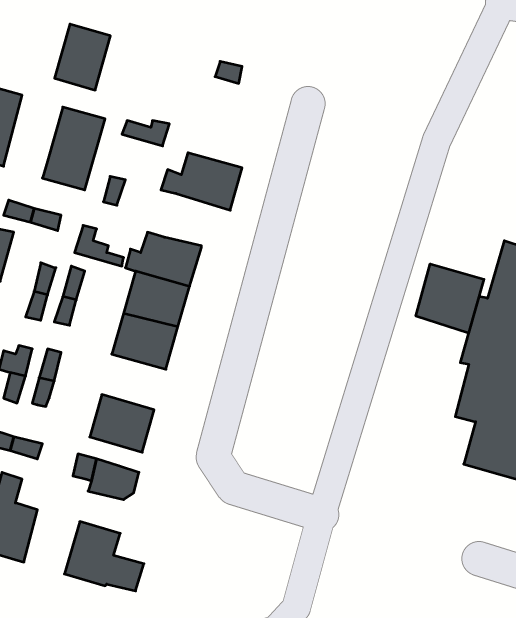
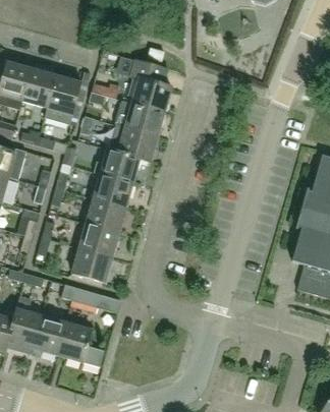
building: [55,24,110,90] -> [22,67,56,107]
building: none -> [131,58,170,111]
building: none -> [117,126,157,162]
building: [416,264,484,333] -> none
building: none -> [79,223,118,256]
building: none -> [33,316,66,355]

